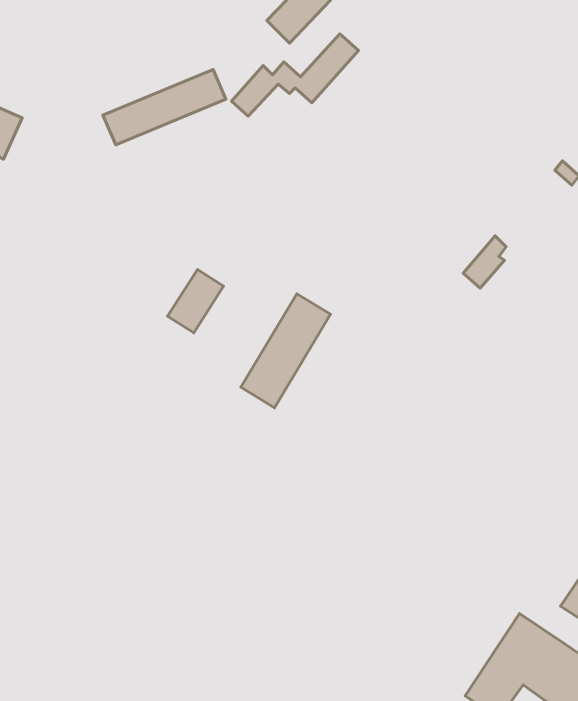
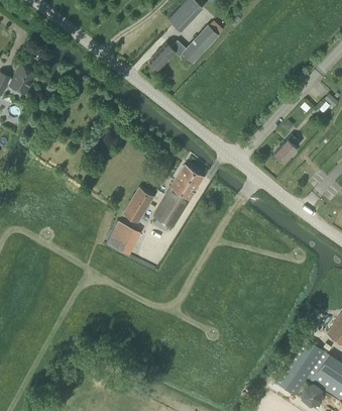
building: [103,69,226,145] -> none
building: [167,269,224,333] -> [123,189,153,223]
building: none -> [108,220,141,253]

